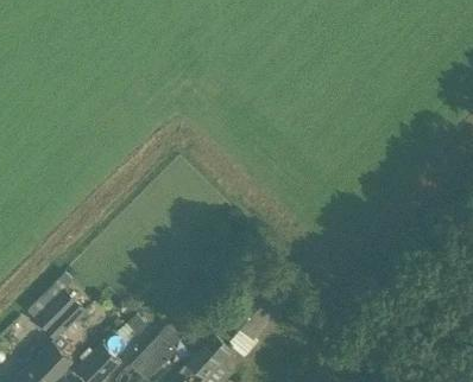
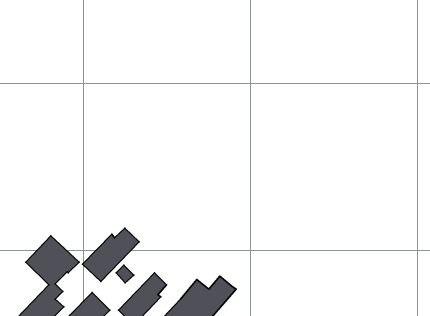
building: none -> [83,228,139,281]

